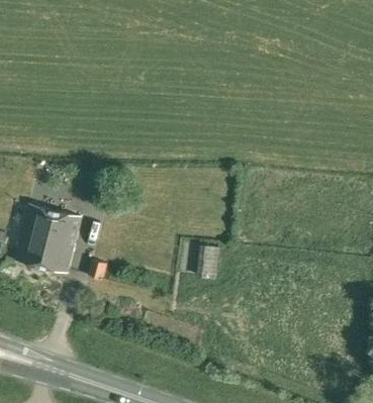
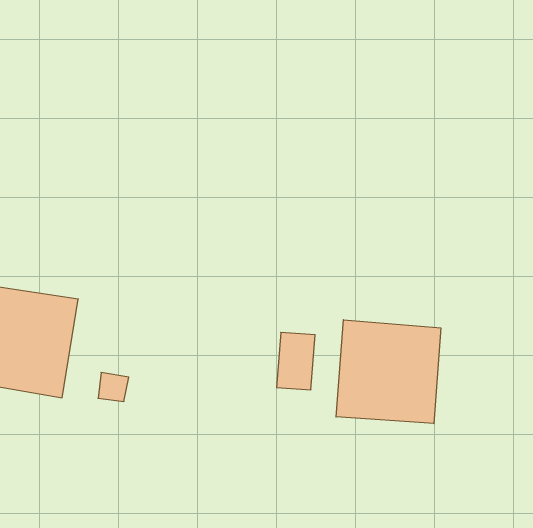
building: none -> [336,320,441,424]

